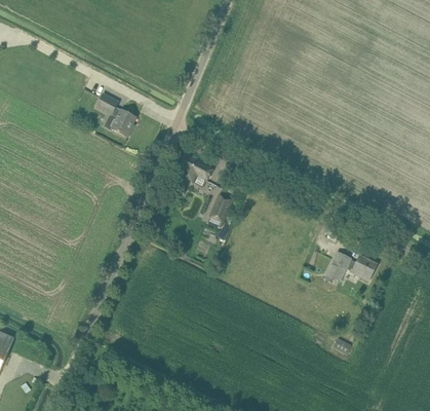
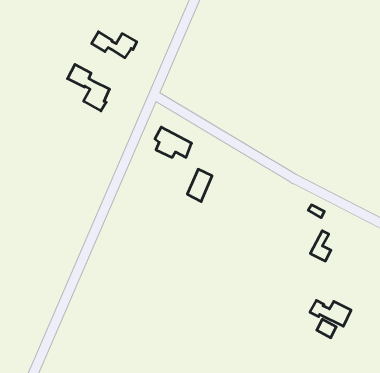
building: none -> [92,32,137,58]
building: [337,255,376,279] -> [310,300,351,326]

